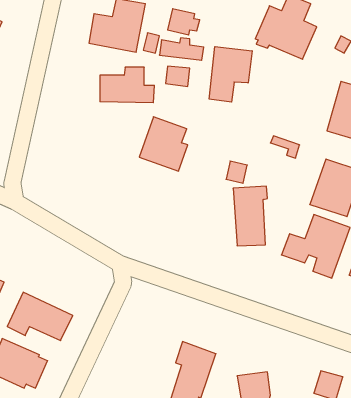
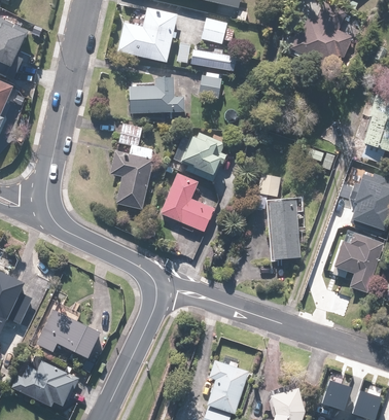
building: [209,47,252,102] -> none
building: none -> [108,125,152,209]
building: none -> [160,172,212,235]
building: none -> [318,378,348,409]

